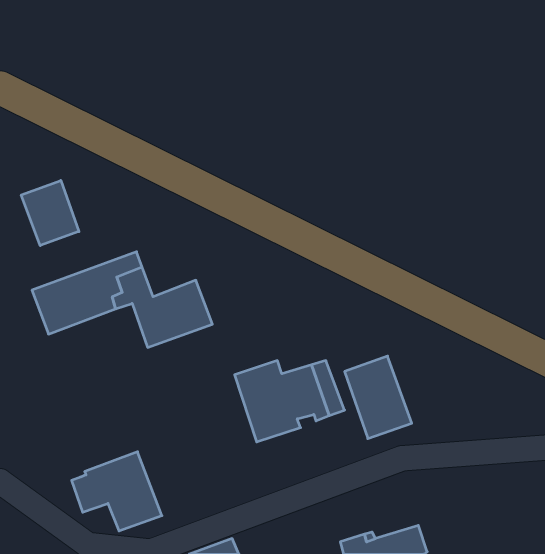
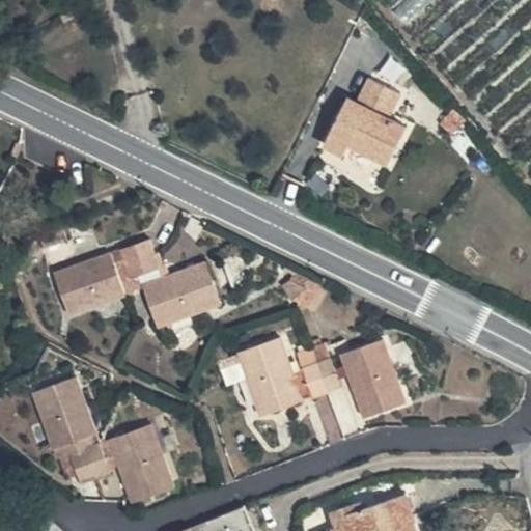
building: none -> [317,84,398,171]
building: [21,180,79,246] -> none
building: none -> [27,380,94,487]

